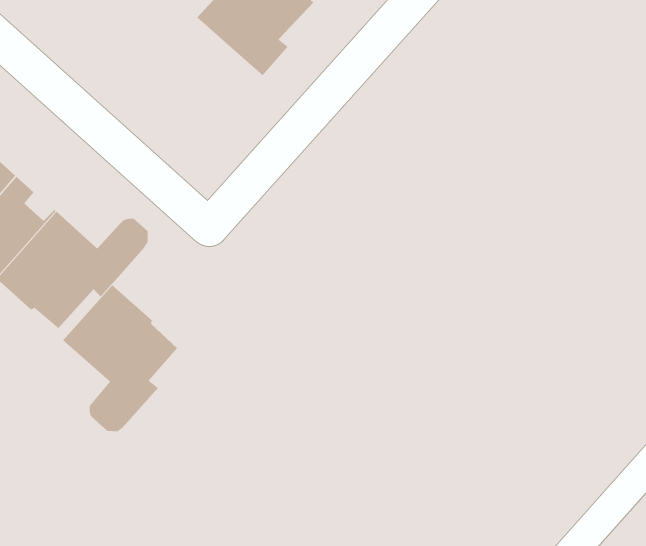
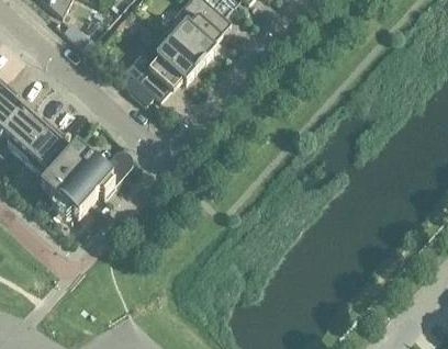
building: none -> [124,31,199,101]
building: [62,284,178,432] -> none

